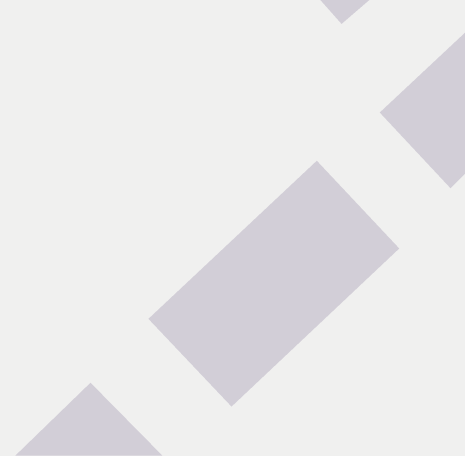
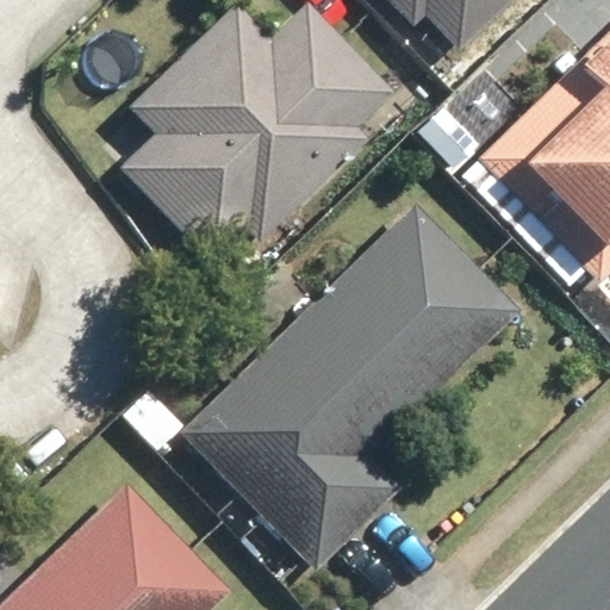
building: none -> [126,13,363,249]

